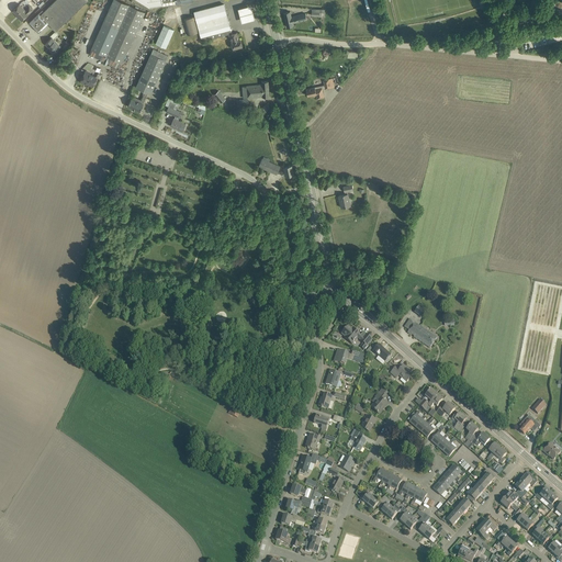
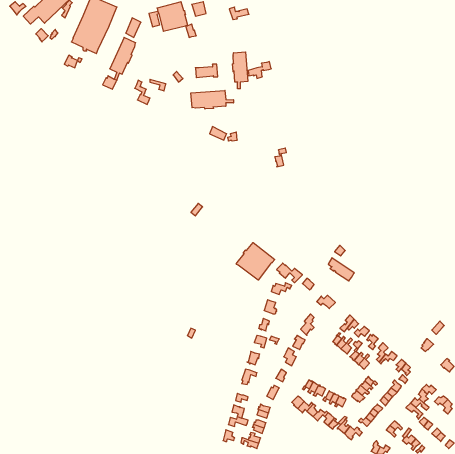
building: none -> [233,52,248,89]
building: none -> [191,90,233,109]
building: none -> [236,243,275,280]

